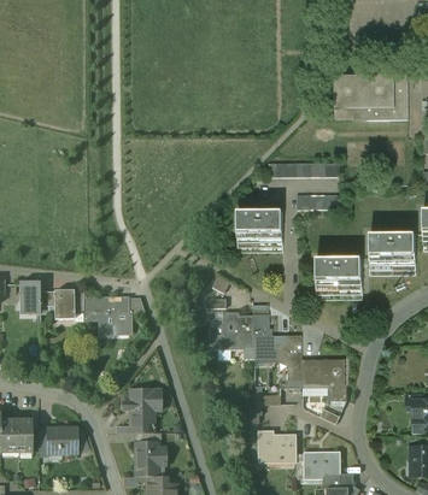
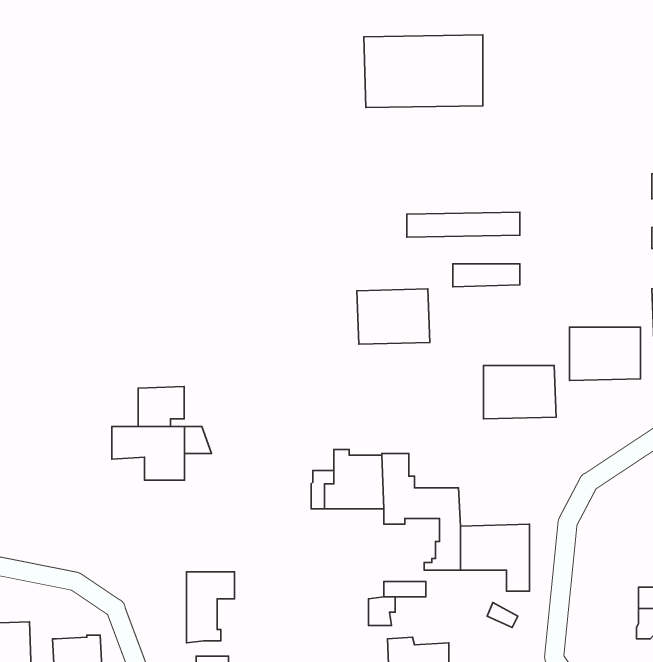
building: [333,75,408,120] -> [364,35,483,108]
building: [18,284,39,311] -> none
building: [53,290,82,316] -> [138,386,184,427]

